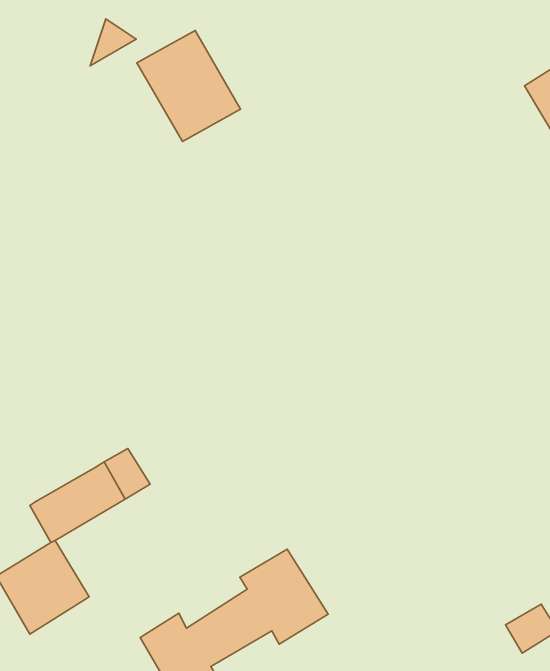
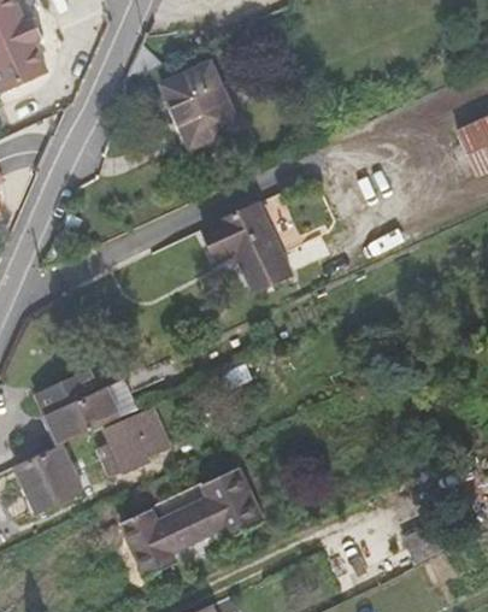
building: none -> [201,202,292,293]
building: none -> [40,367,98,412]
building: none -> [102,407,163,472]

